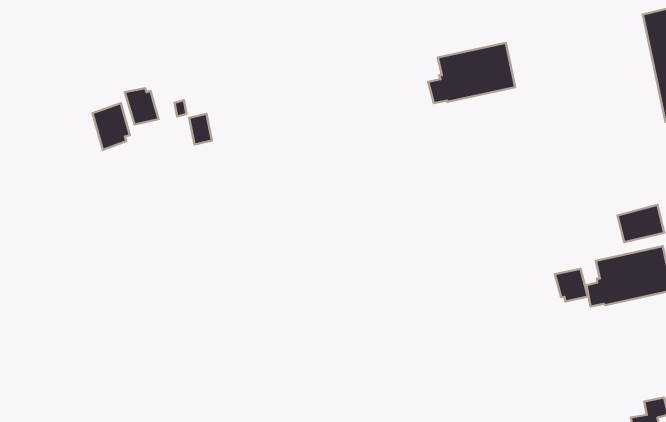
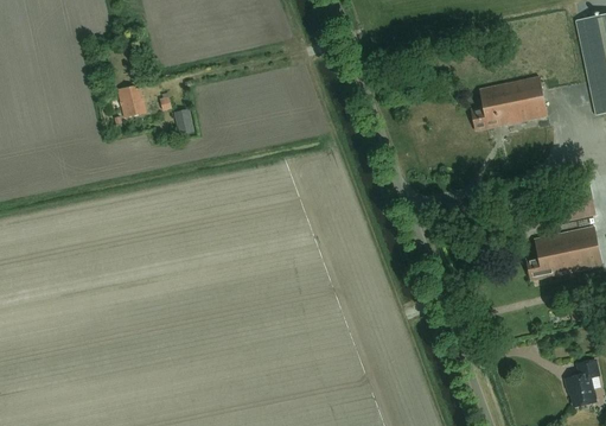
building: [428,43,515,103] -> [471,76,548,129]
building: [93,103,130,150] -> none
building: [555,269,588,302] -> none

